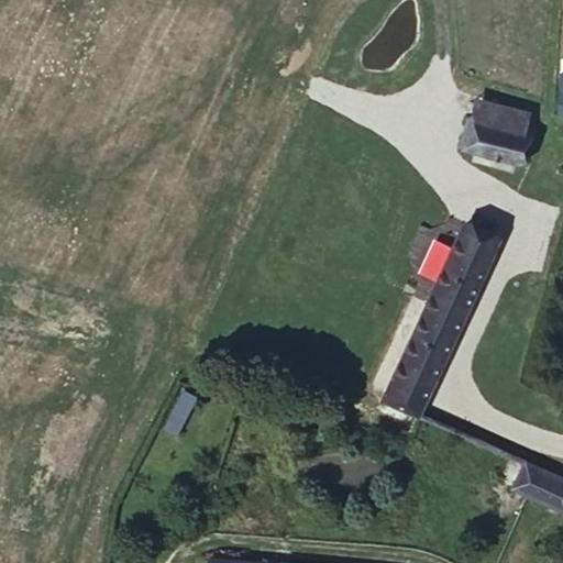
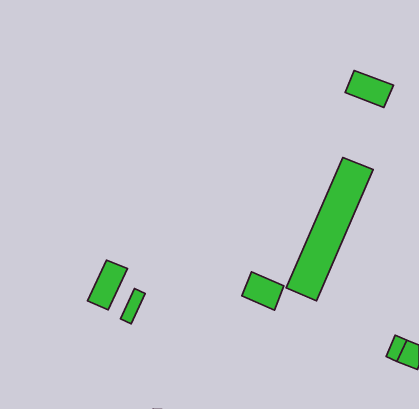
building: none -> [88,260,128,310]
building: none -> [242,272,284,310]

